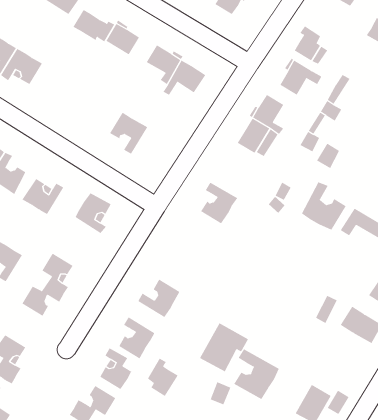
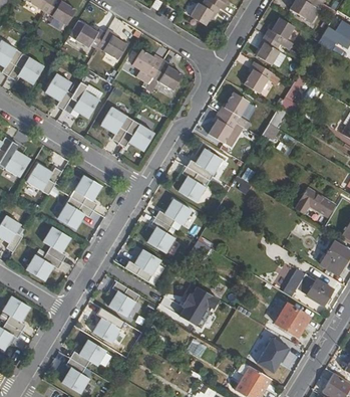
building: none -> [266,16,295,48]
building: none -> [45,72,99,118]
building: none -> [119,120,154,151]
building: none -> [186,148,223,180]
building: [301,182,347,230] -> none
building: none -> [57,196,93,229]
building: none -> [147,198,192,252]
building: none -> [275,304,310,338]
building: [233,349,279,400] -> none
building: [147,358,178,397] -> none

